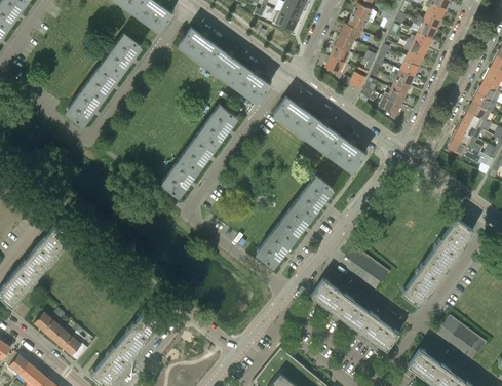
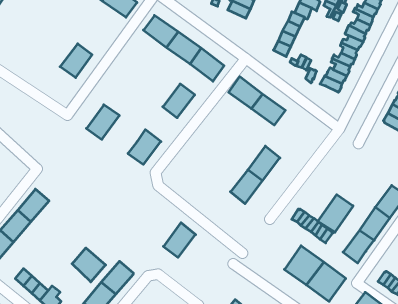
building: [104,34,140,73] -> none
building: [65,86,102,125] -> [86,105,119,139]
building: [180,131,216,170] -> none
building: [324,136,363,171] -> none
building: [256,227,292,266] -> [163,223,196,257]
building: none -> [318,195,353,232]
building: [310,270,354,314] -> none
building: none -> [72,248,106,282]

